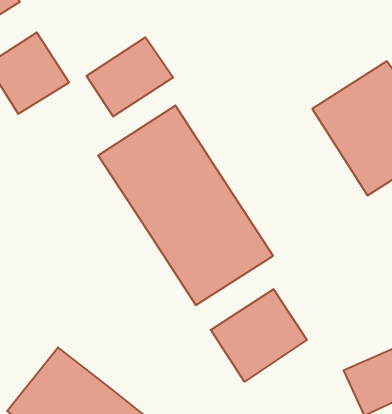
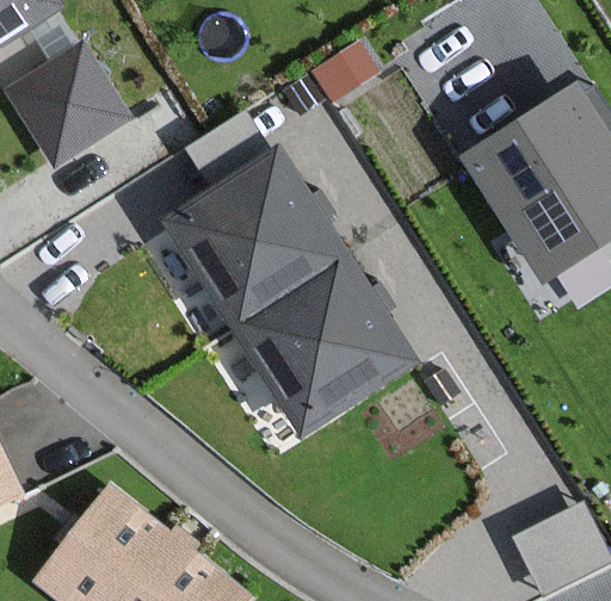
building: [87,37,173,117] -> none
building: [211,289,307,382] -> none

